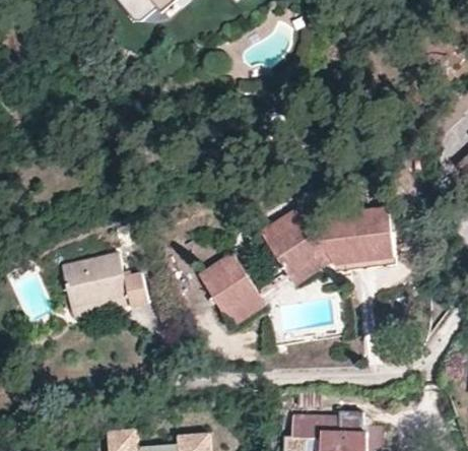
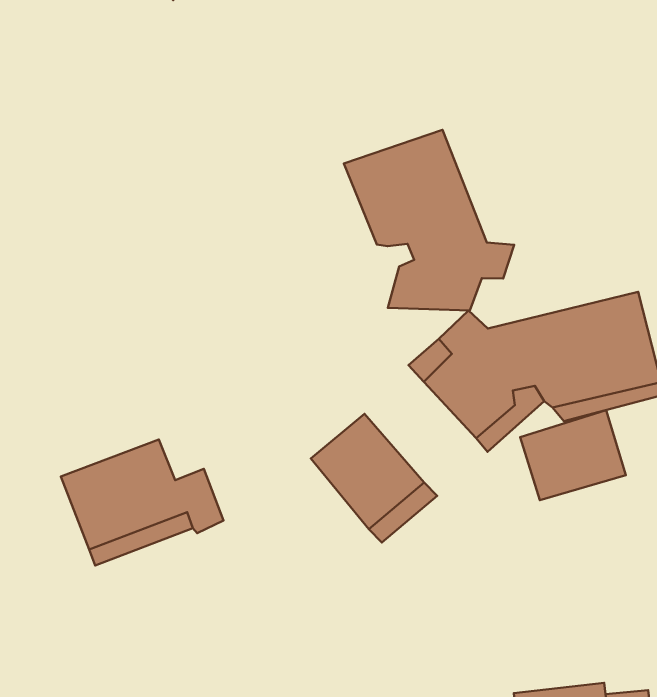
building: none -> [344,130,514,310]
building: none -> [520,410,626,500]

